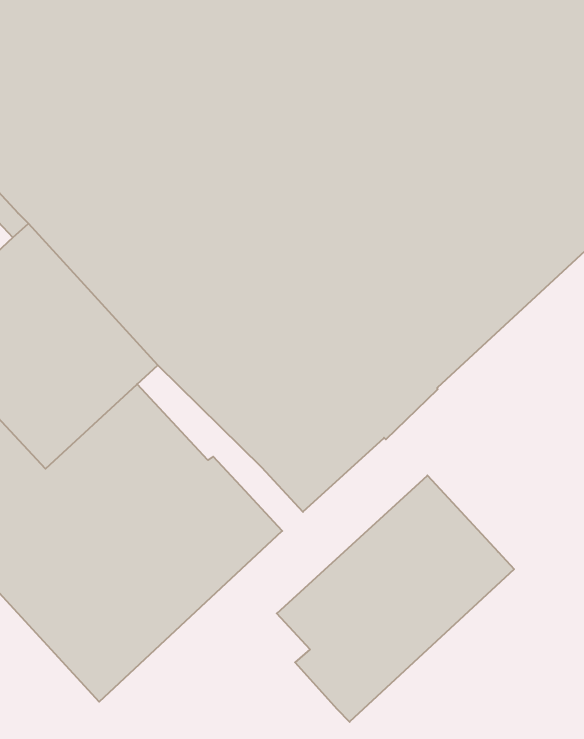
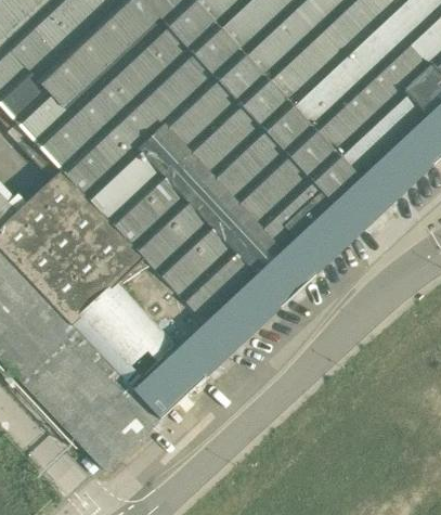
building: none -> [193,322,232,362]
building: [277,475,514,722] -> none

